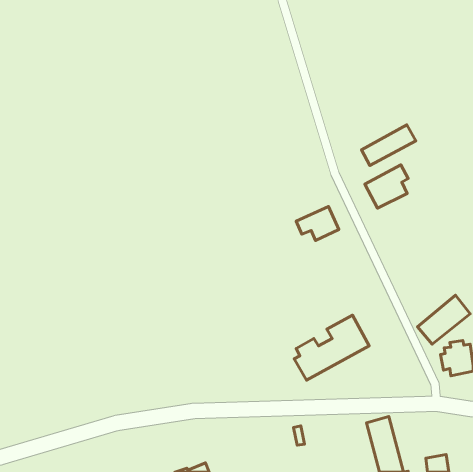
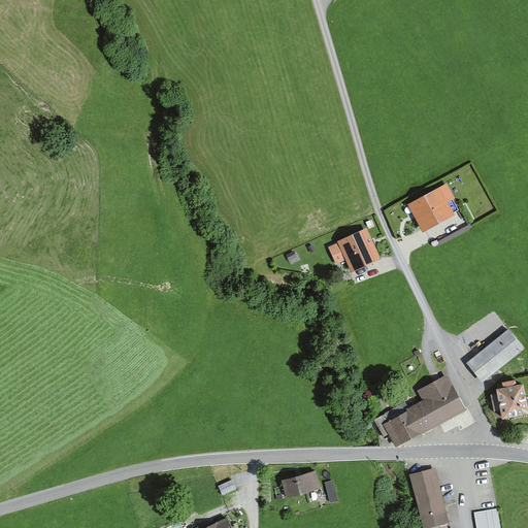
building: [362,125,416,166] -> none
building: [294,315,369,380] -> [382,375,465,448]
building: none -> [280,470,320,497]

